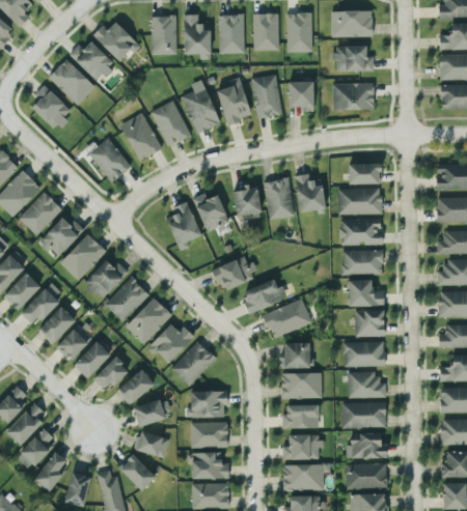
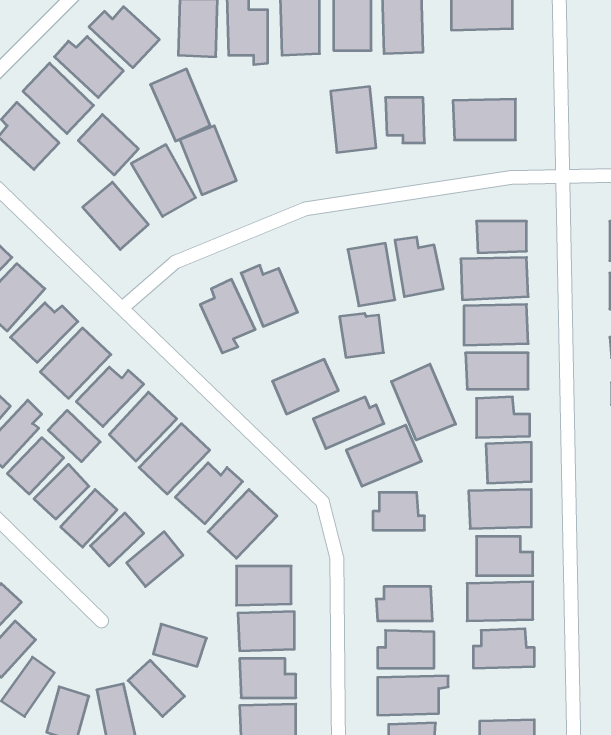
building: [334,46,374,72] -> none
building: [217,78,251,124] -> none
building: [181,86,220,134] -> [150,69,210,141]
building: none -> [78,114,138,175]
building: [231,187,260,216] -> [340,313,384,357]
building: none -> [391,364,456,440]
building: none -> [48,410,100,462]
building: [280,372,322,399] -> none
building: [133,400,170,423] -> none
building: [346,463,386,488] -> none

